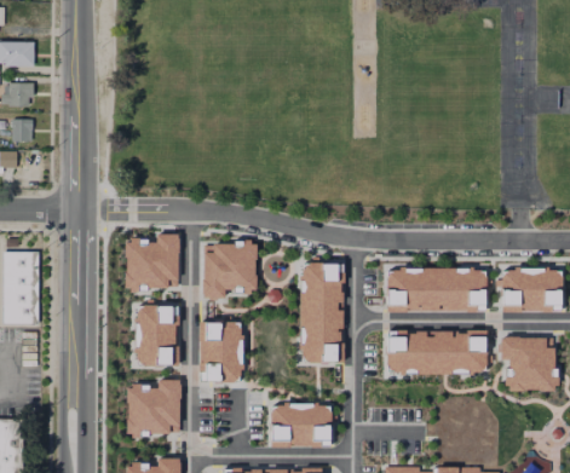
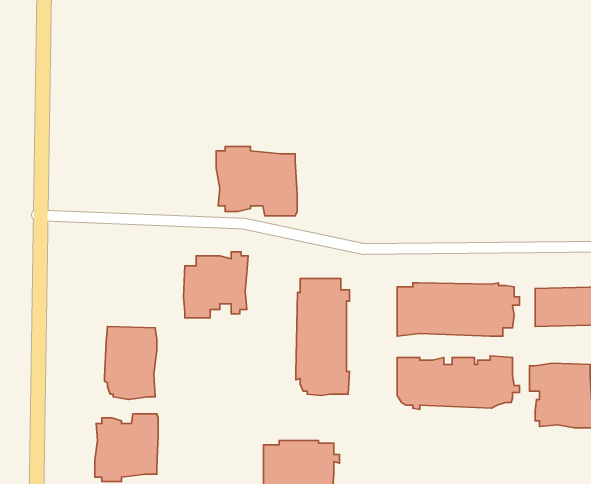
building: none -> [216,147,297,216]
building: [123,233,178,292] -> none
building: [197,321,243,381] -> none

